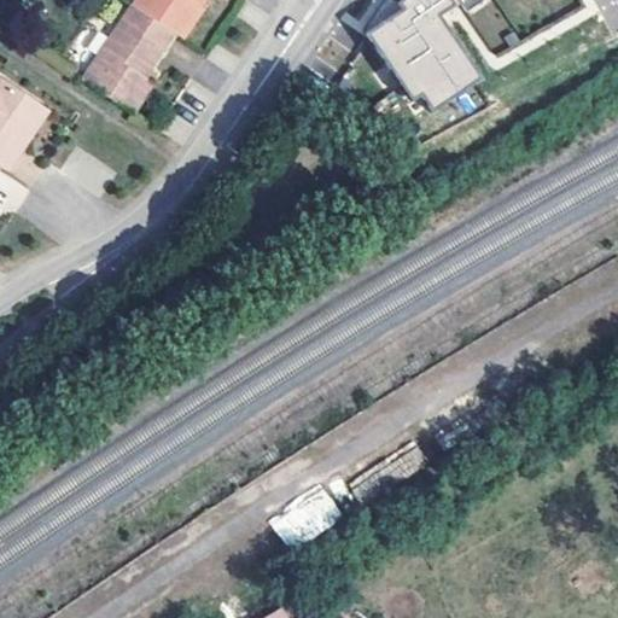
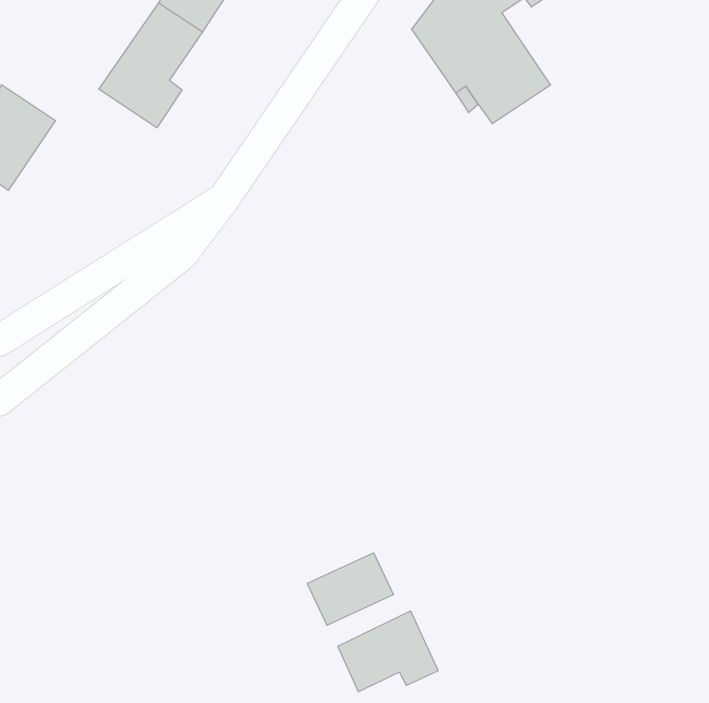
building: none -> [338,611,438,692]

